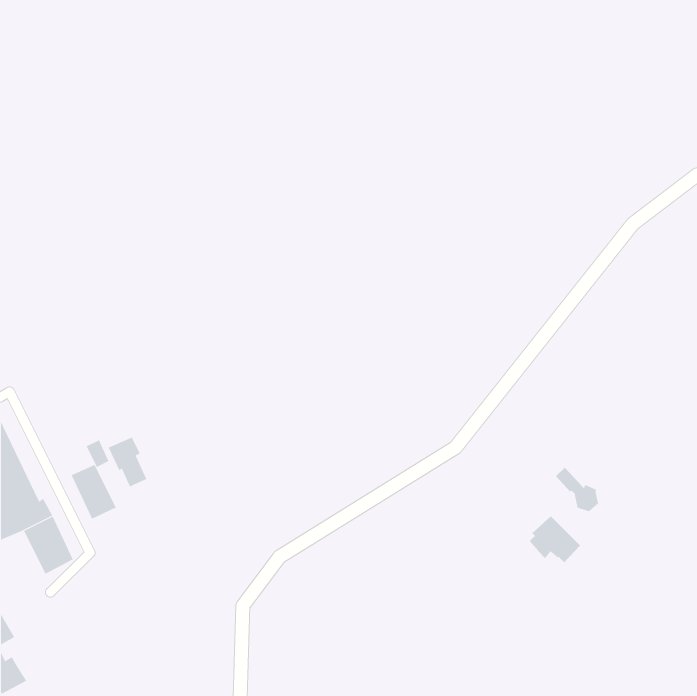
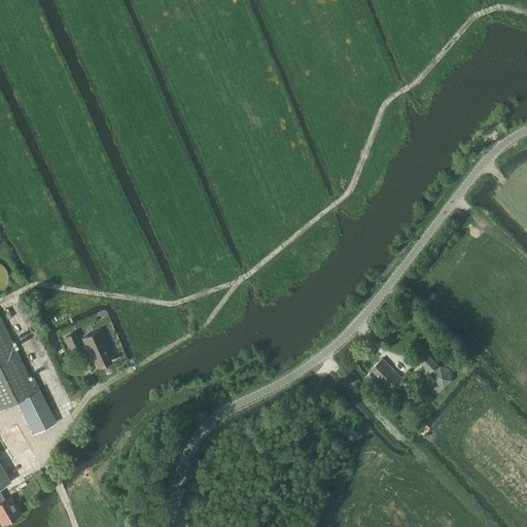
building: [71,464,117,519] -> none
building: [529,515,581,563] -> [366,359,406,395]

